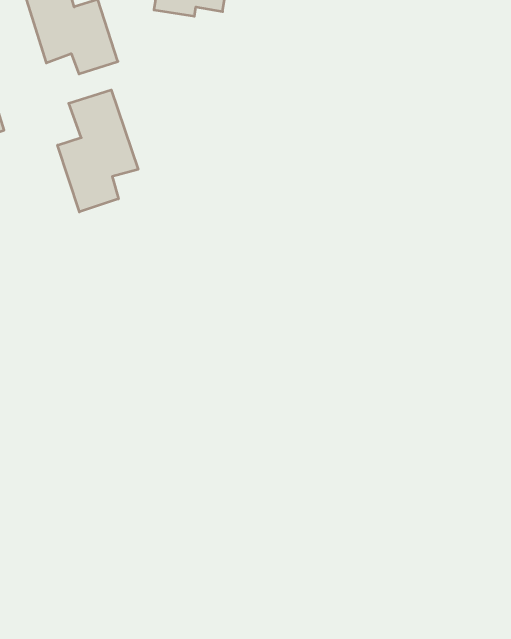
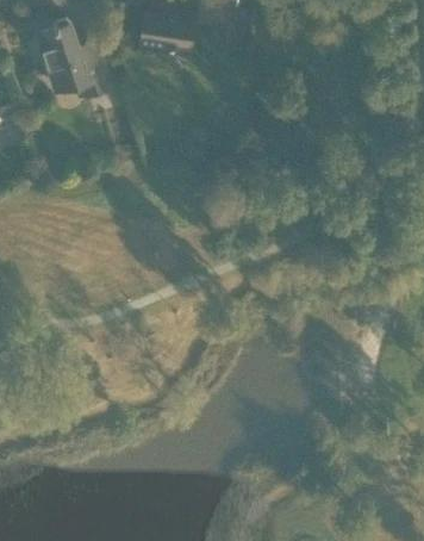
building: [58,90,138,212] -> none

